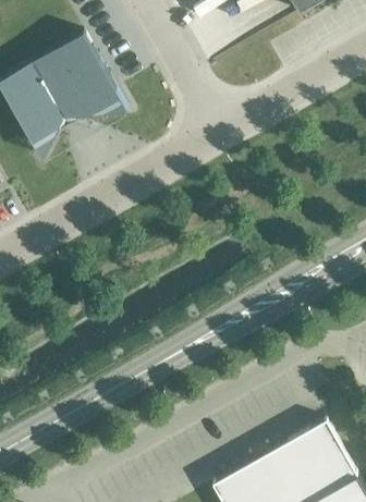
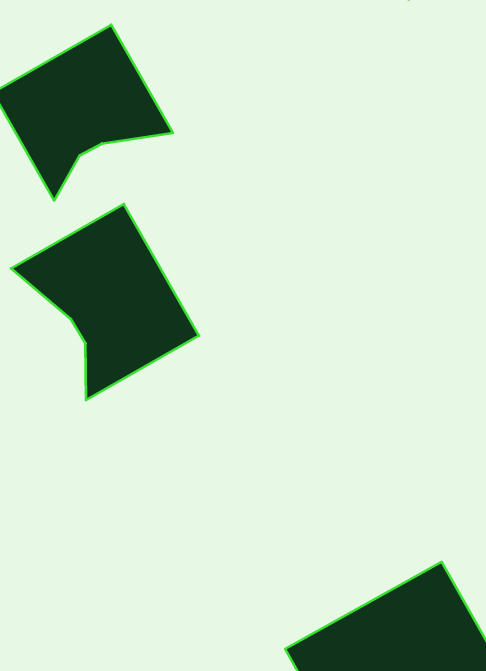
building: none -> [11,204,199,400]

